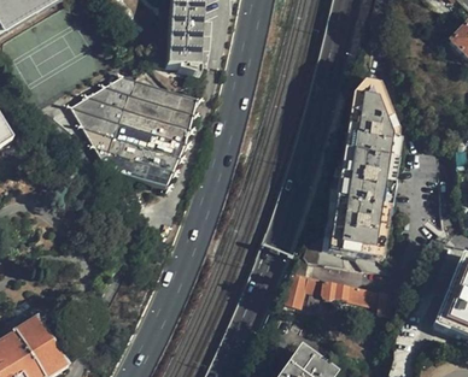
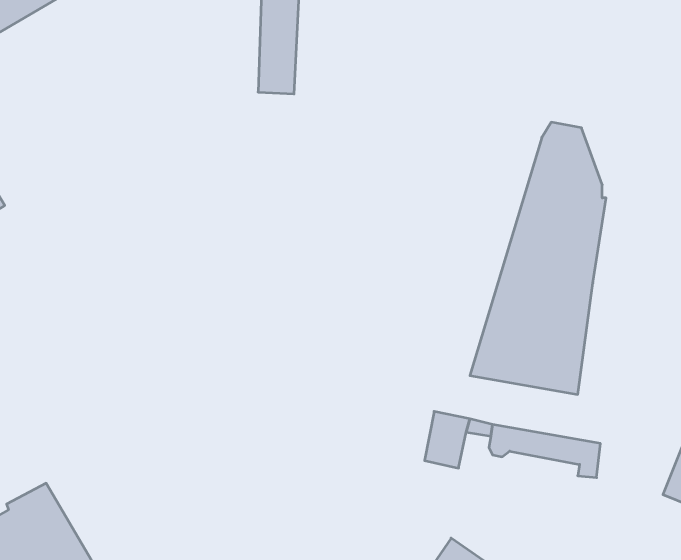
building: [76,76,198,187] -> none

